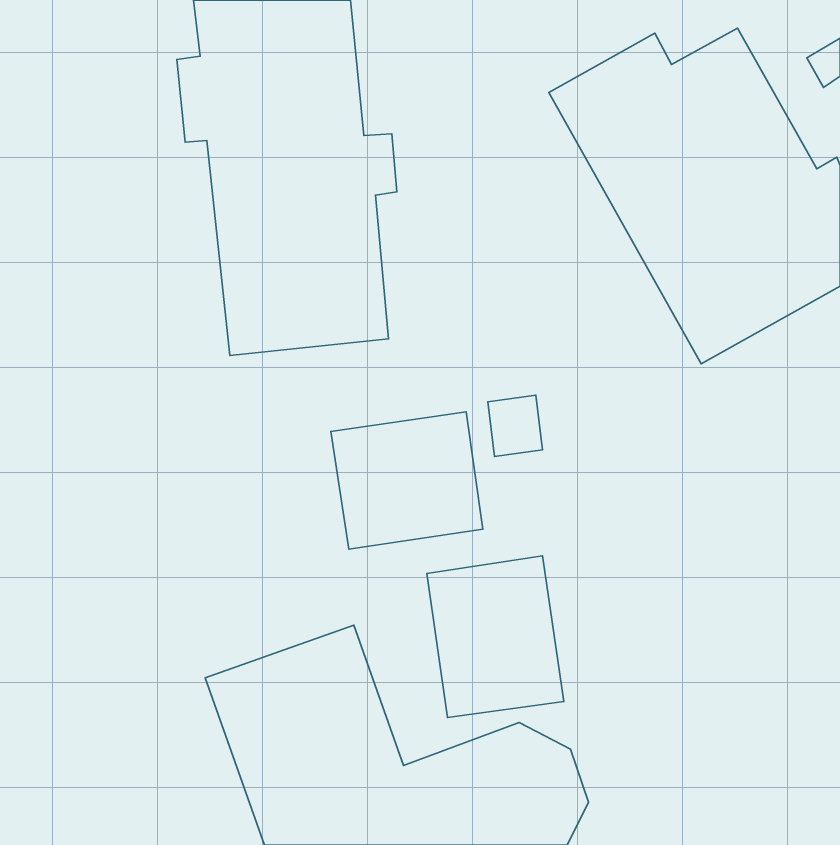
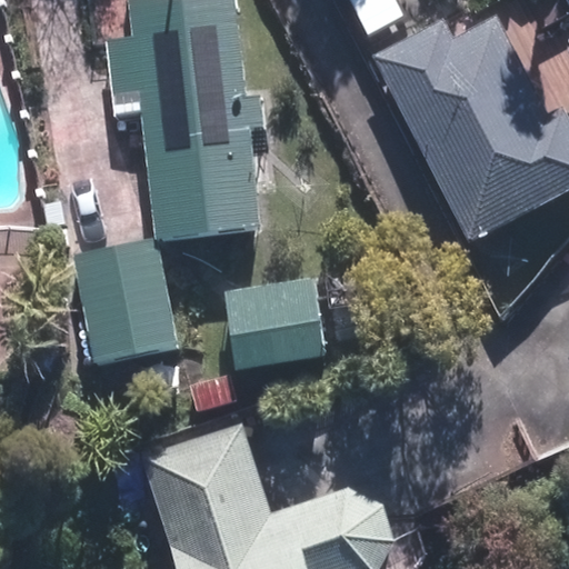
building: none -> [72,241,179,363]
building: [427,556,564,717] -> none

